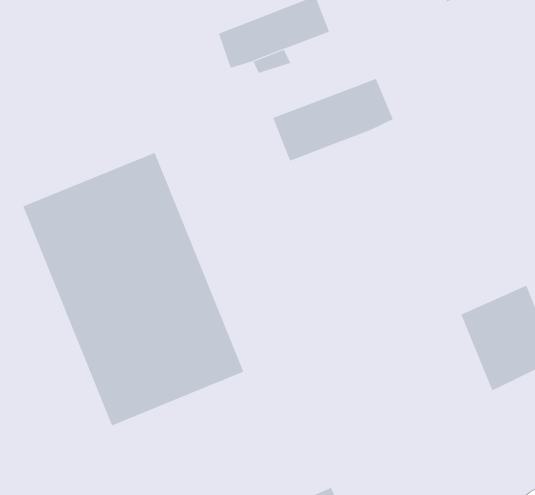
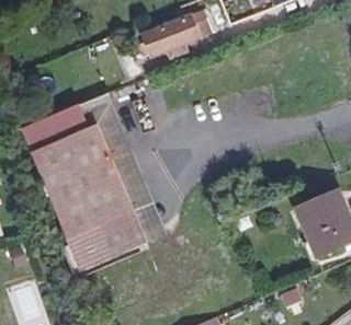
building: [273,78,393,162] -> none

